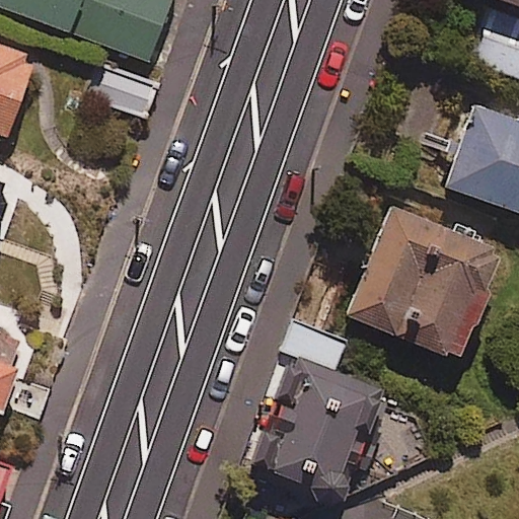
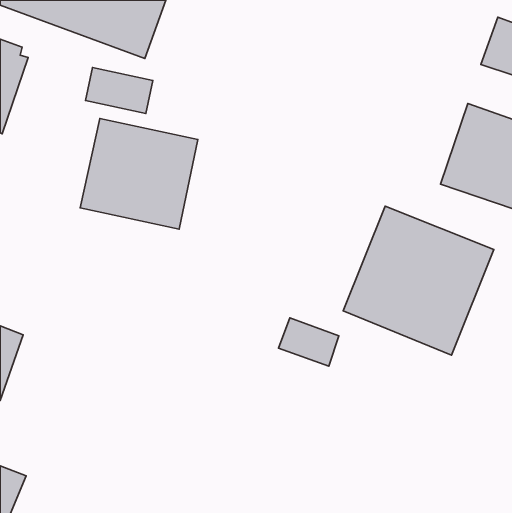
building: none -> [80,119,198,229]
building: [246,359,379,504] -> none

